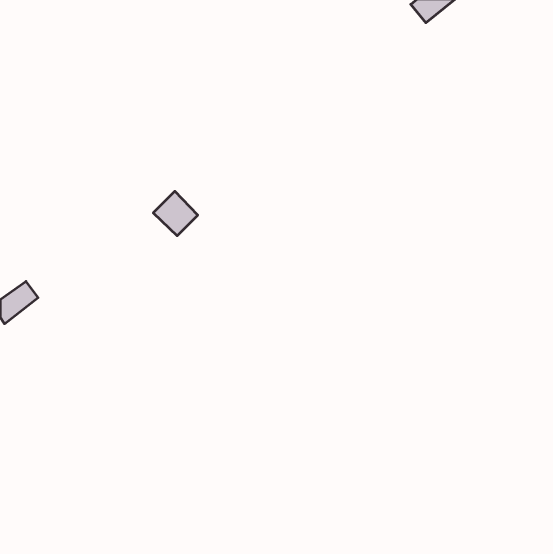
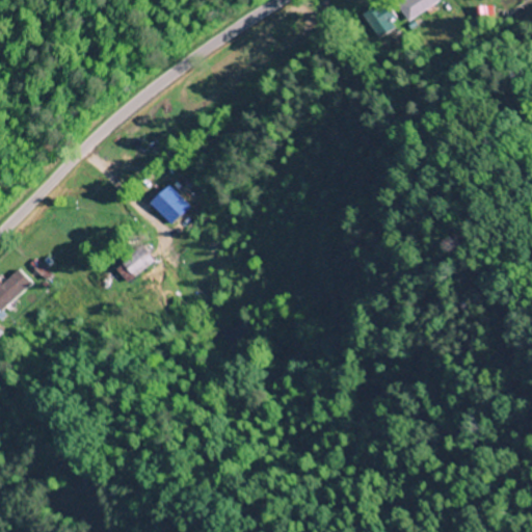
building: none -> [368,8,397,36]
building: none -> [110,245,151,282]

